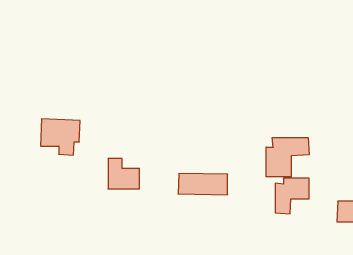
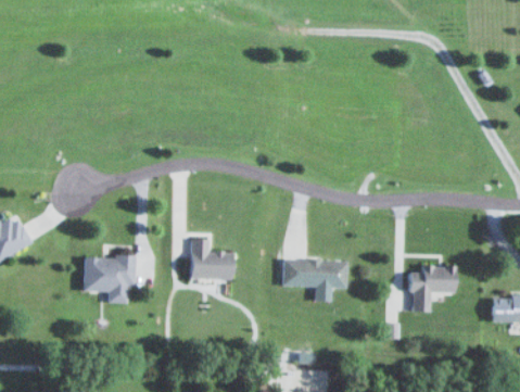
building: [41,119,80,155] -> [83,256,135,304]
building: [266,138,309,177] -> none

